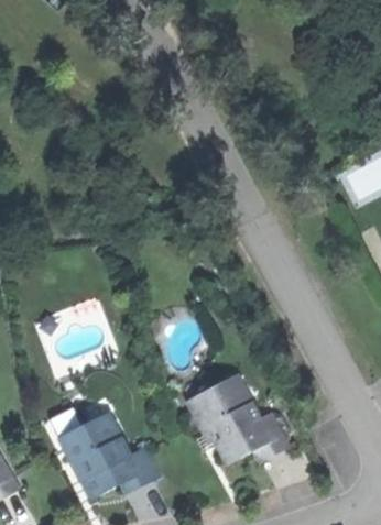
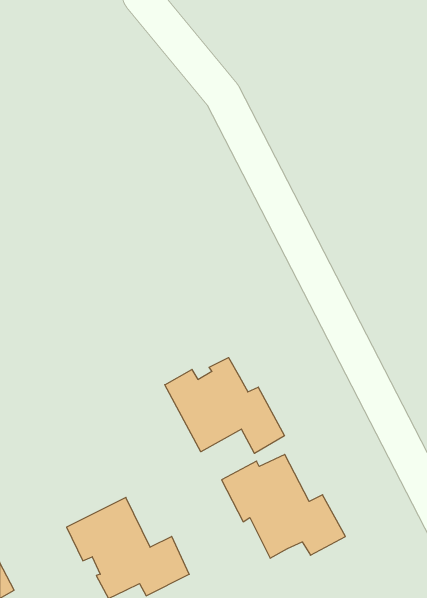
building: none -> [165,358,284,453]

